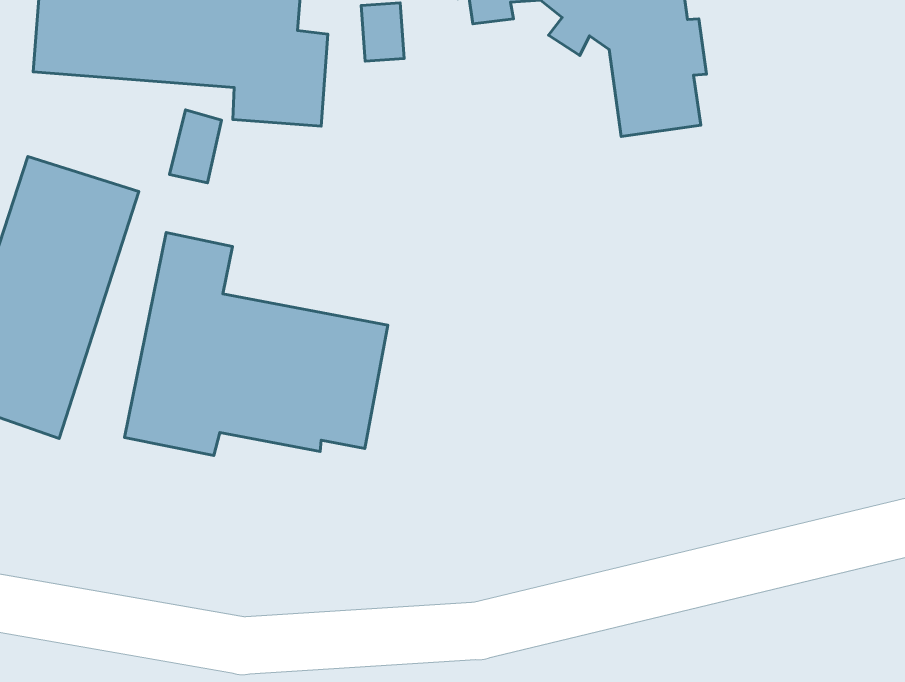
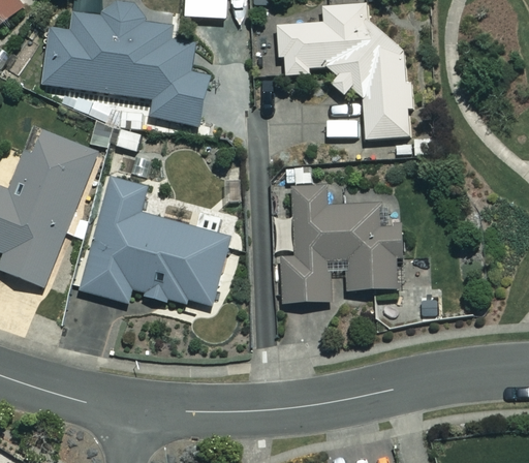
building: none -> [279,167,404,302]

